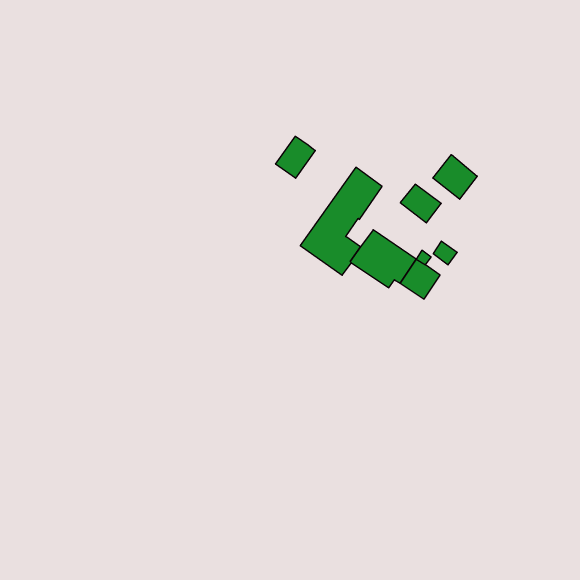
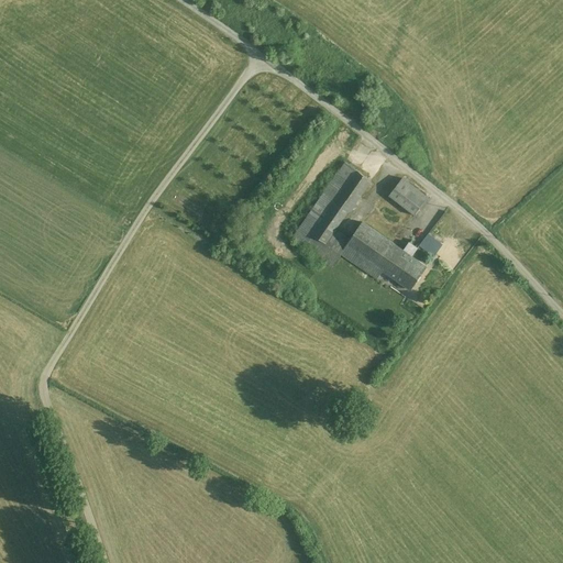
building: [276,136,315,178] -> none
building: [433,155,477,199] -> none

